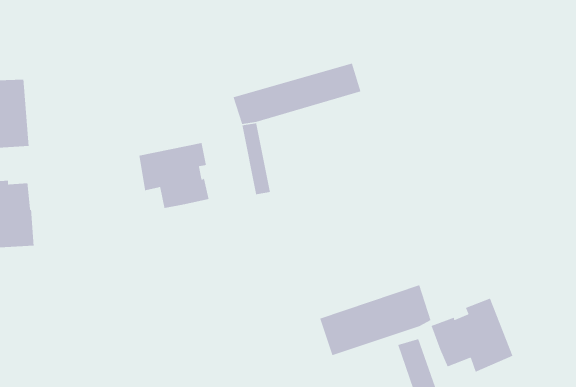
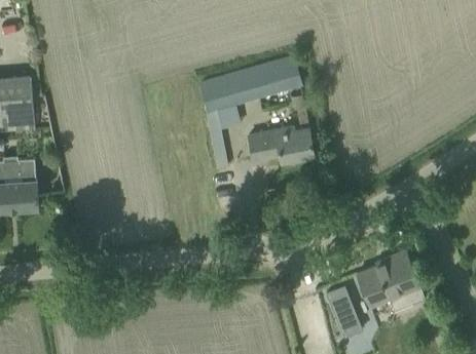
building: none -> [248,124,314,163]
building: [138,142,210,209] -> none
building: [319,284,431,356] -> none

